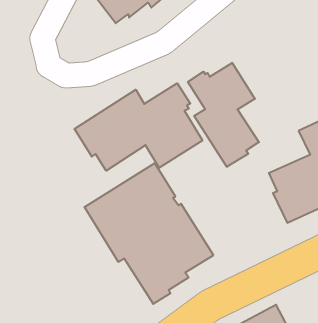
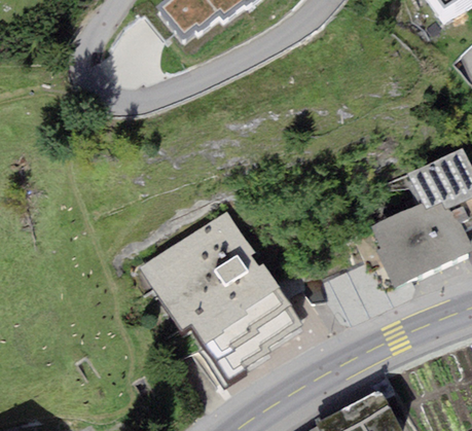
building: [188,63,259,167] -> none
building: [75,83,202,171] -> none

